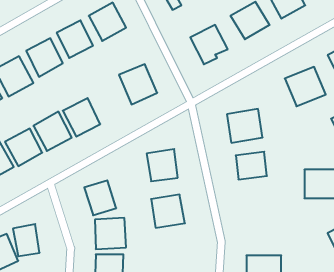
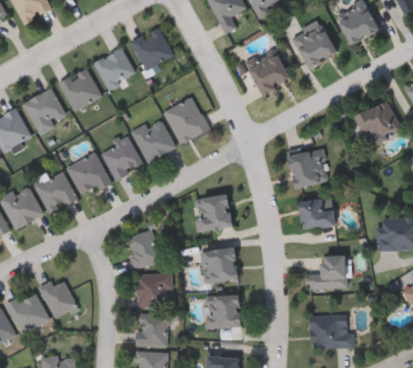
building: none -> [132,116,175,162]
building: none -> [308,255,345,288]
building: none -> [206,295,242,327]

